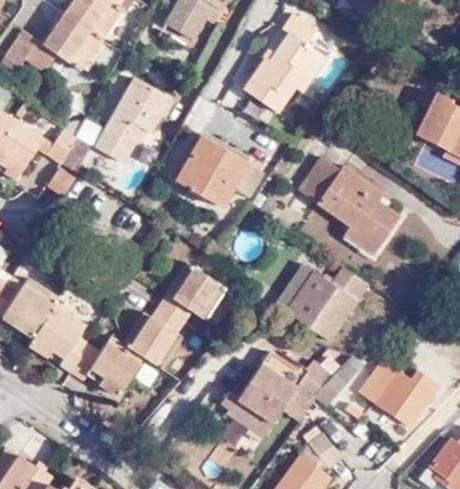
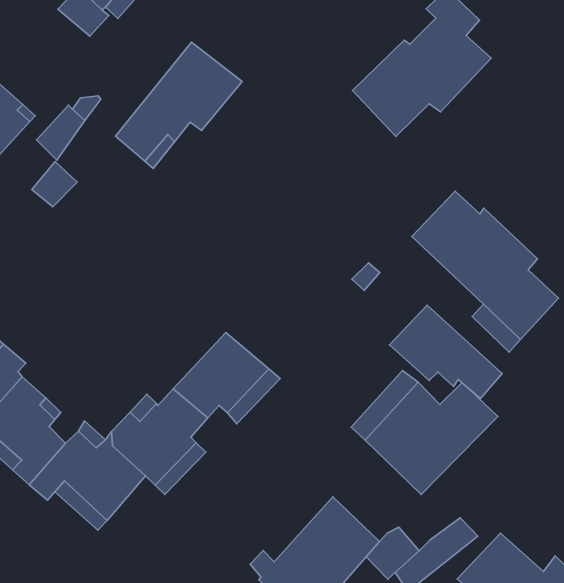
building: [183,131,267,204] -> none
building: none -> [389,305,502,398]

